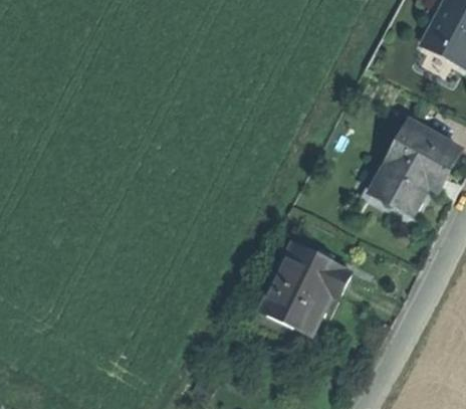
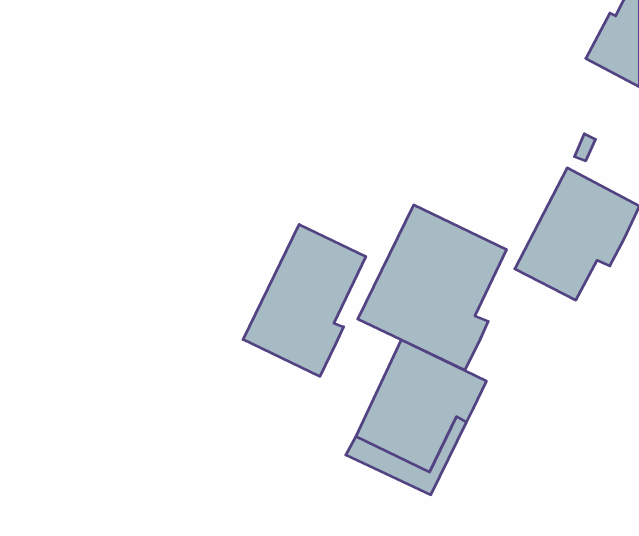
building: none -> [358,205,506,370]
building: none -> [243,224,366,376]

